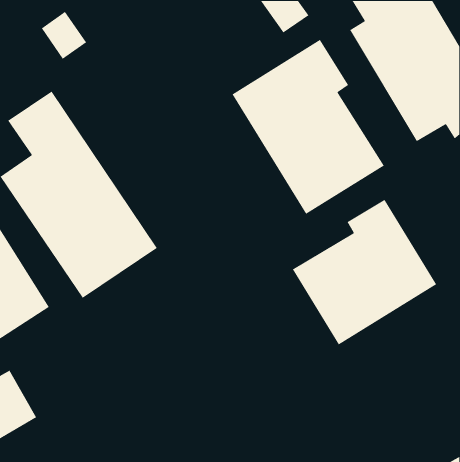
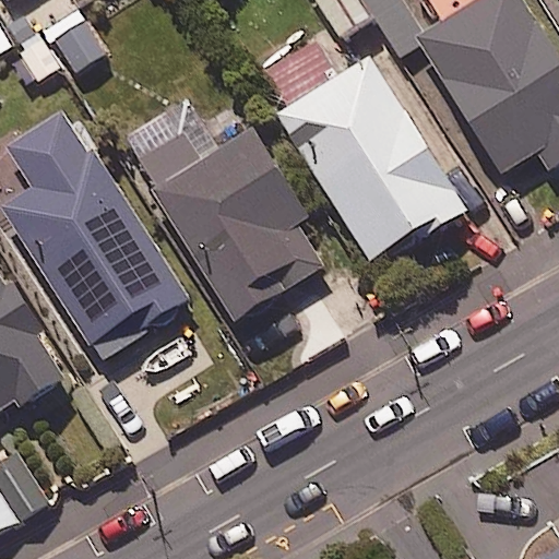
building: none -> [121,98,322,320]
building: [292,199,437,345] -> none

